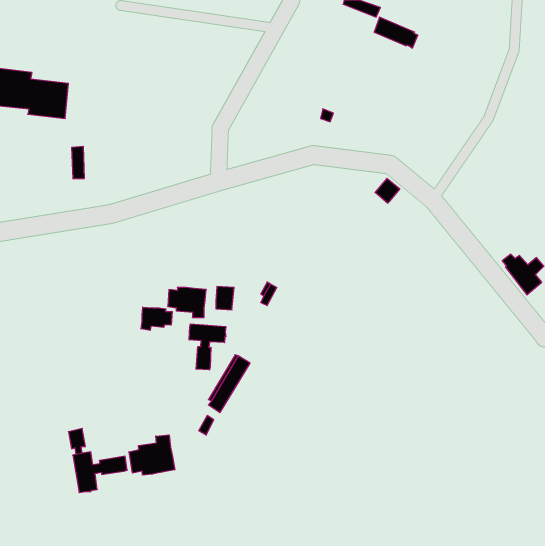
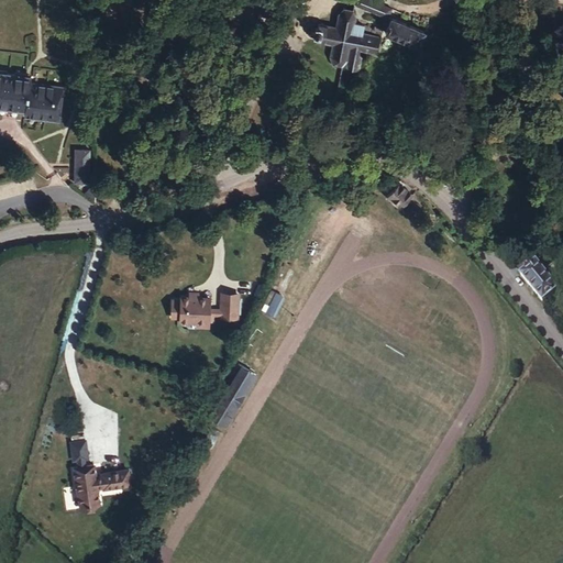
building: none -> [306,10,380,73]
building: [141,307,172,330] -> none
building: [189,324,226,370] -> none
building: [129,435,175,475] -> none

